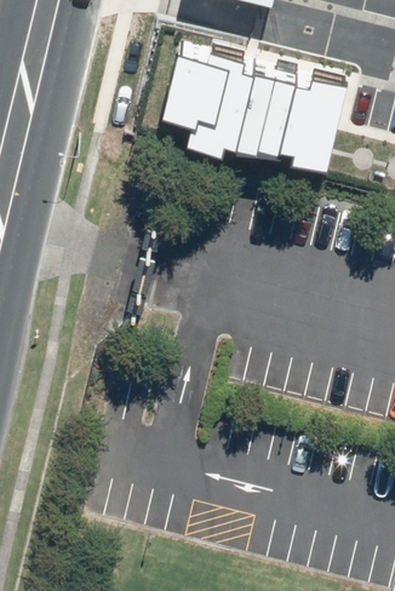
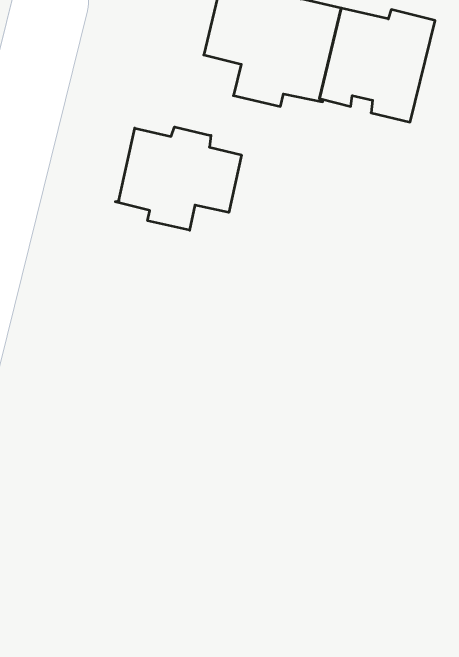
building: none -> [115,127,241,230]

